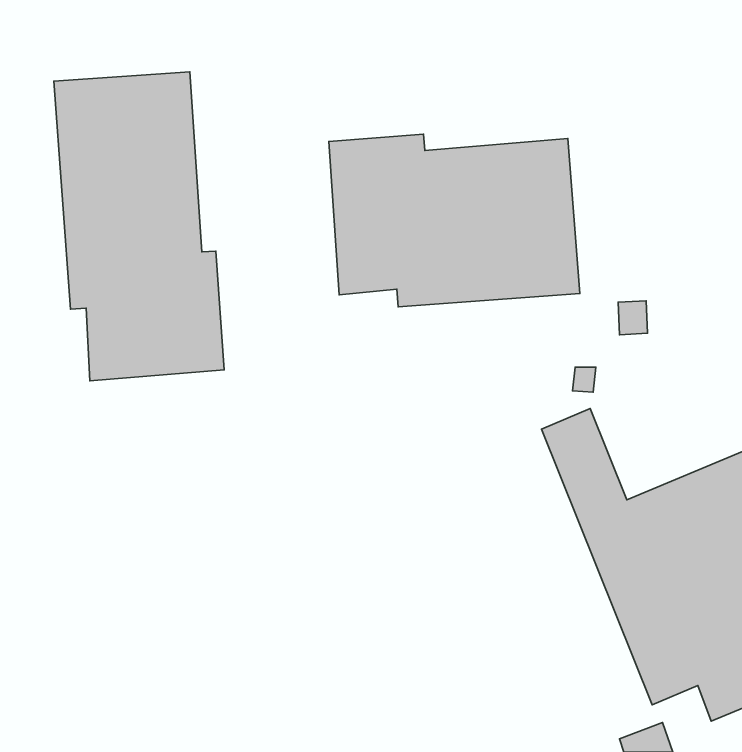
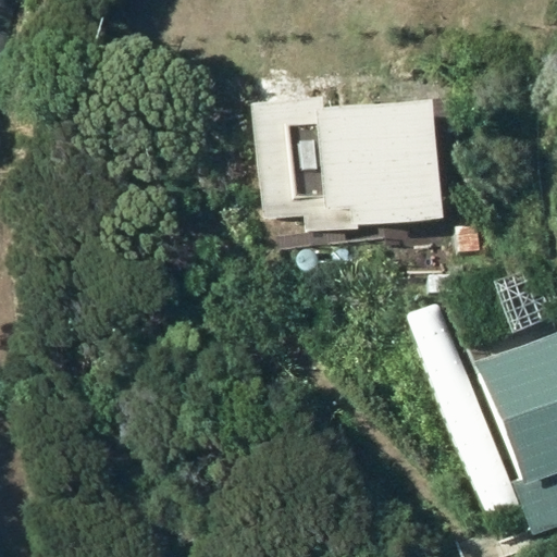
building: [54,72,224,381] -> none

